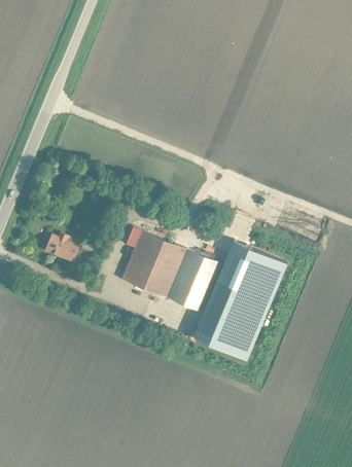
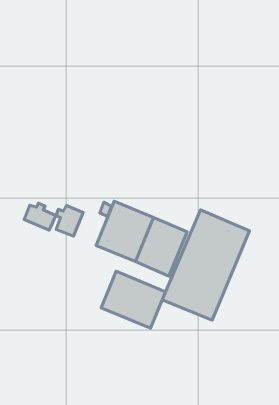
building: none -> [56,205,83,236]
building: none -> [101,271,166,328]

